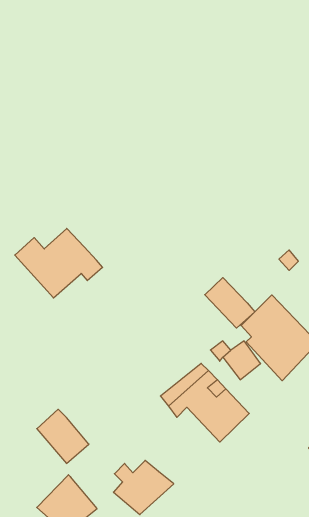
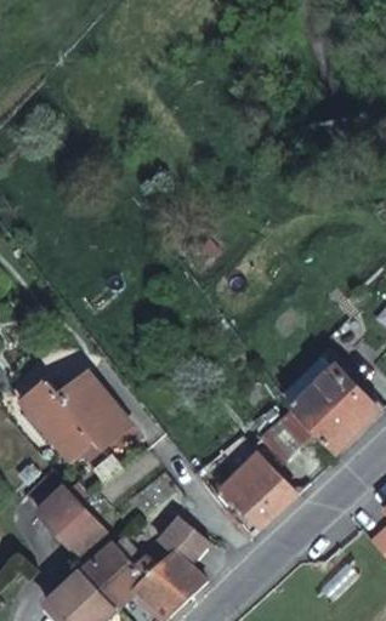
building: [15,228,103,298] -> [24,380,129,462]
building: [205,278,255,328] -> none
building: none -> [160,517,209,564]
building: none -> [85,542,147,608]

